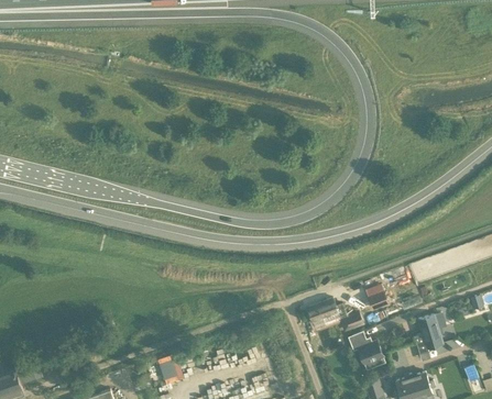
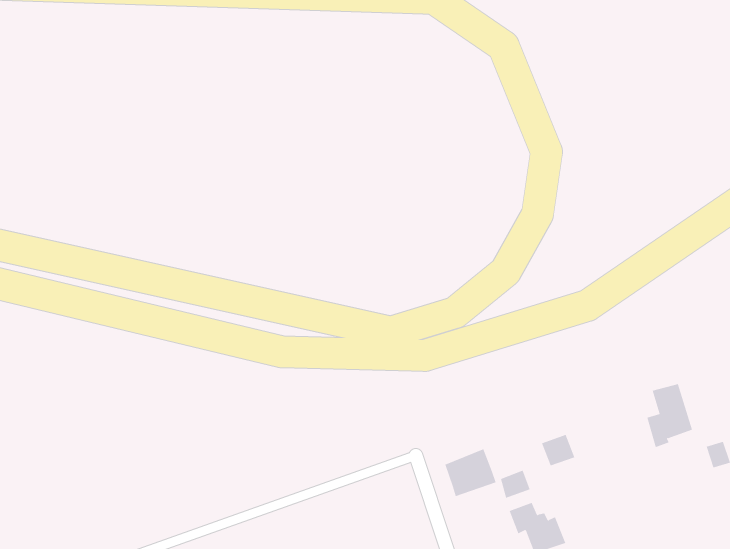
building: [414,314,442,354] -> [646,383,693,448]

